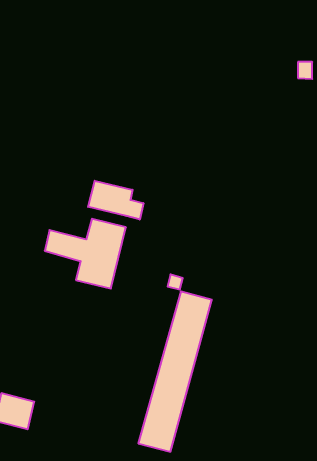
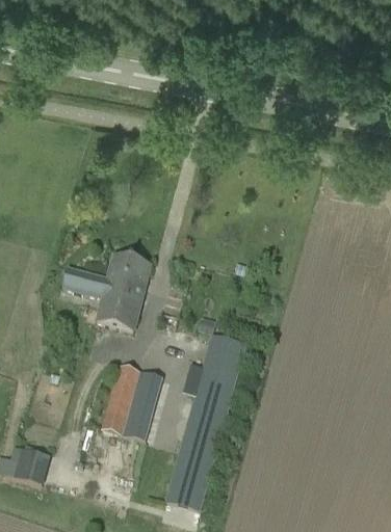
building: [88,181,143,220] -> none
building: none -> [102,363,162,441]

